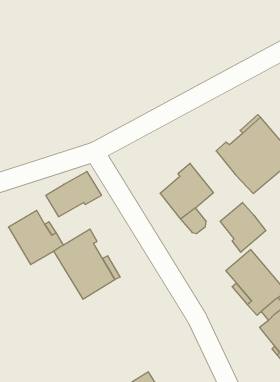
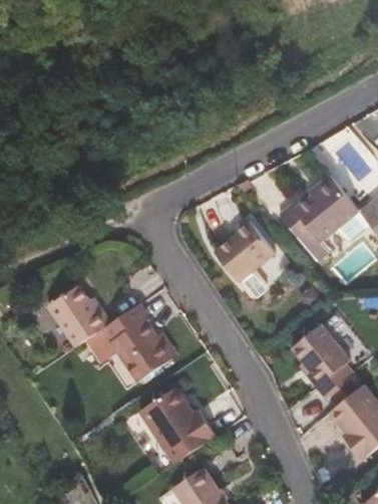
building: [46,171,101,217] -> none
building: [220,202,266,252] -> none
building: none -> [136,387,212,464]

